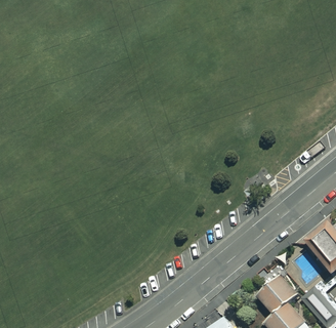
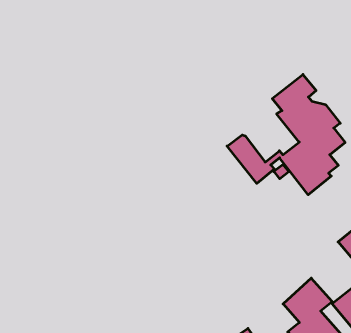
building: none -> [227,74,345,195]

